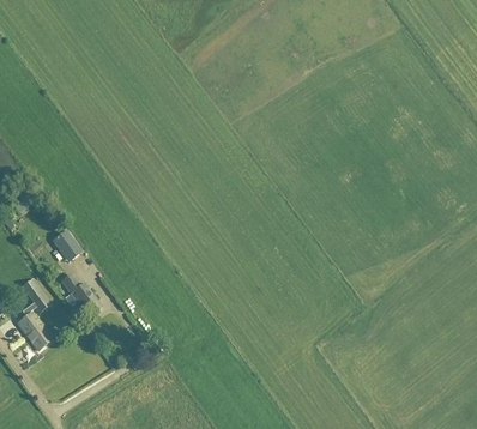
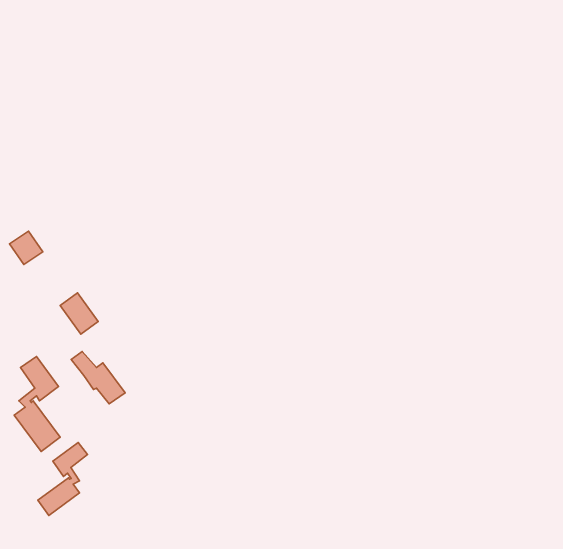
building: none -> [38,443,87,515]

